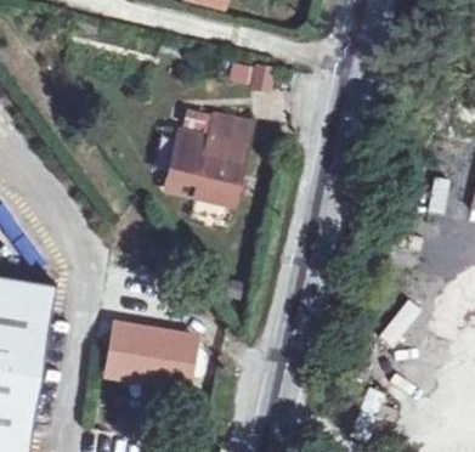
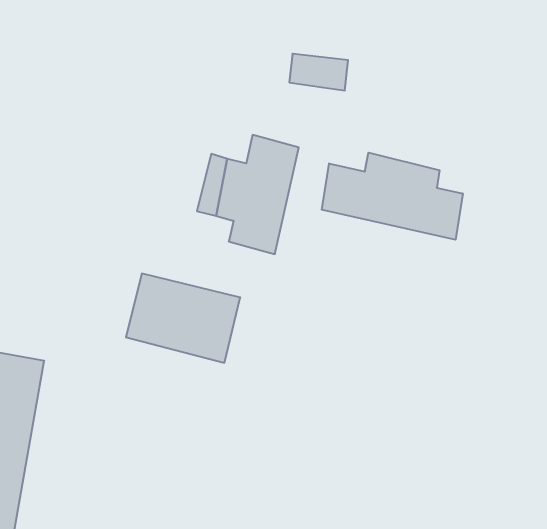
building: none -> [322,153,463,240]
building: [101,317,188,385] -> [126,274,240,363]

